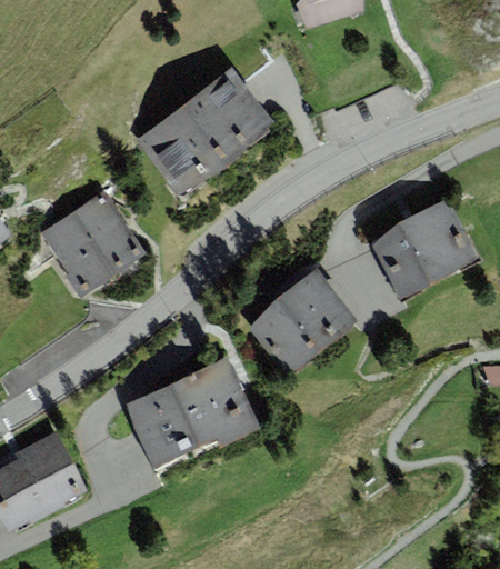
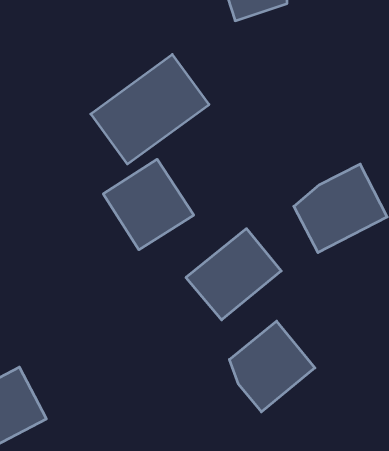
building: [42,192,147,297] -> [103,159,194,250]
building: [126,357,260,467] -> none
building: none -> [229,321,315,412]

